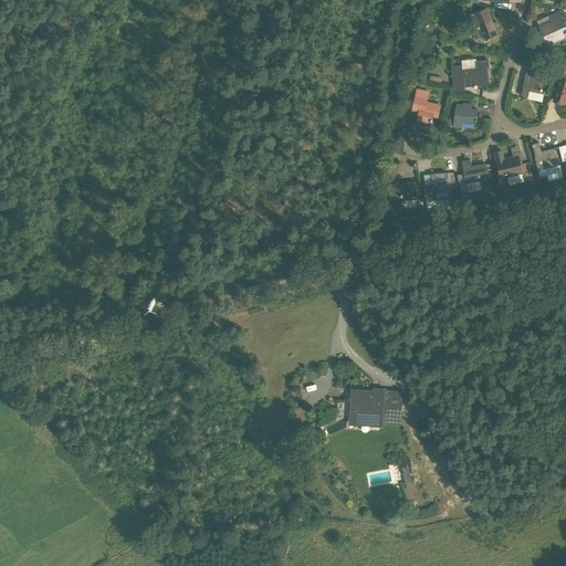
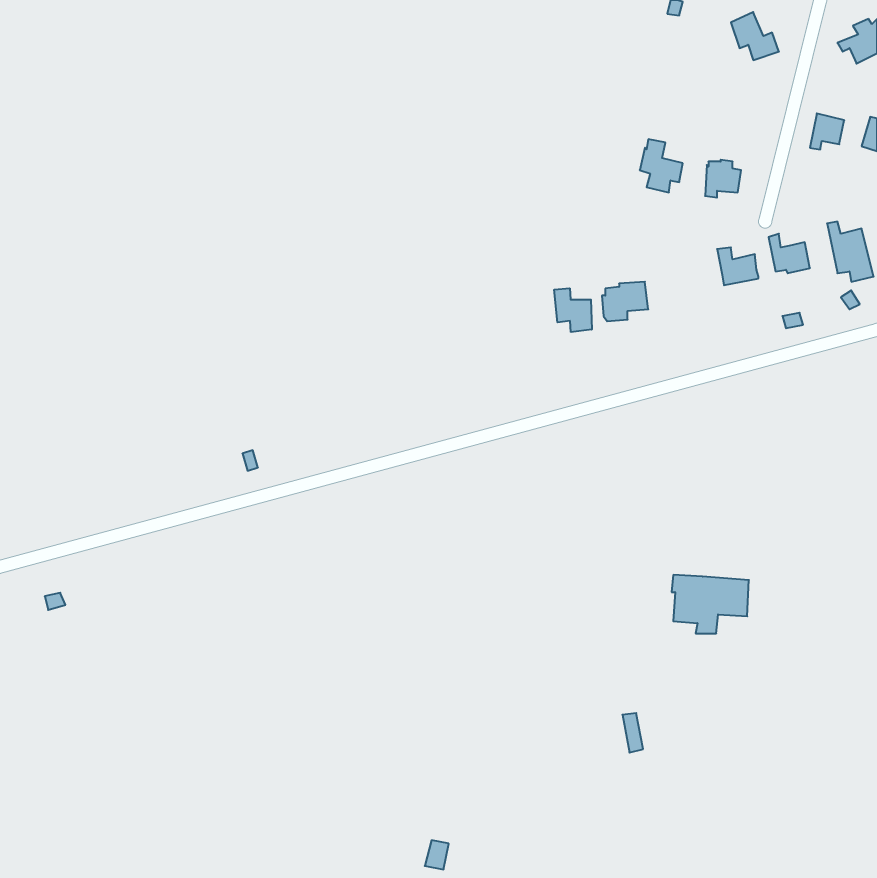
building: [451,60,489,95] -> none
building: [423,172,448,200] -> none
building: none -> [554,288,592,332]
building: [353,389,402,427] -> [672,575,749,633]

